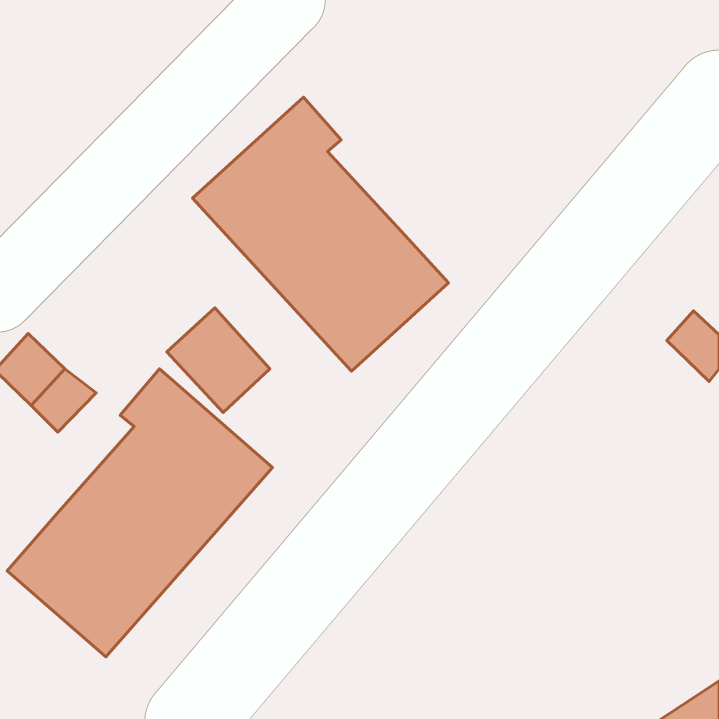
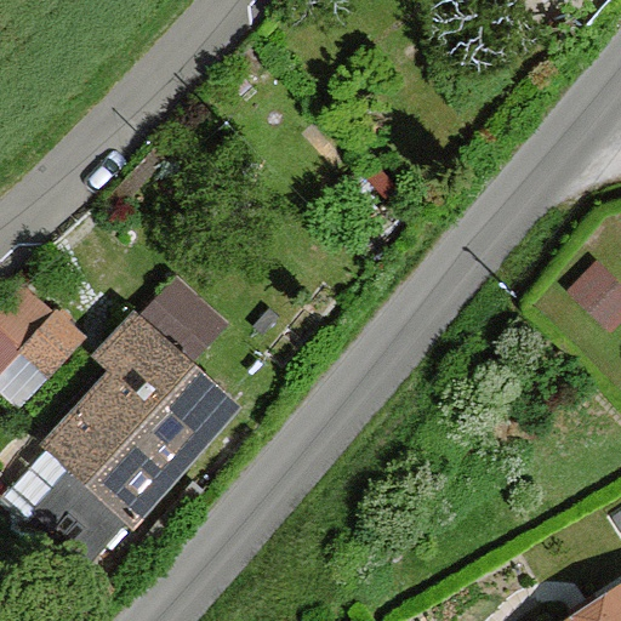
building: [193,97,449,371] -> none

